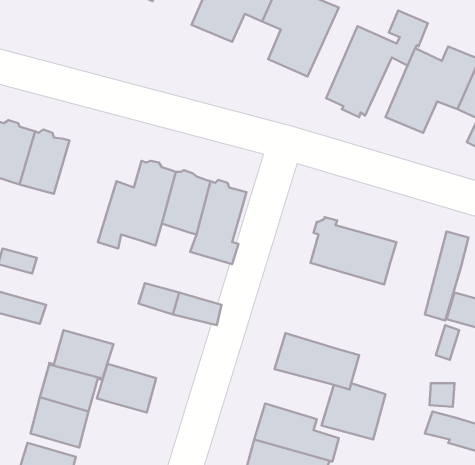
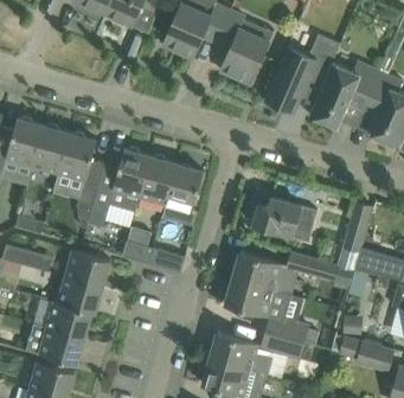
building: none -> [58,131,105,210]
building: none -> [233,251,339,295]
building: [97,364,156,412] -> [65,250,110,287]

